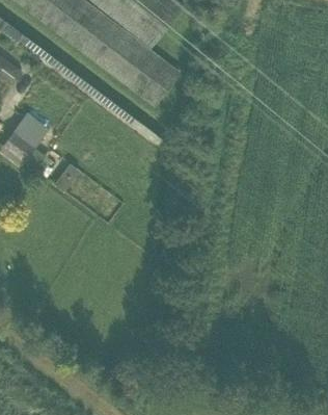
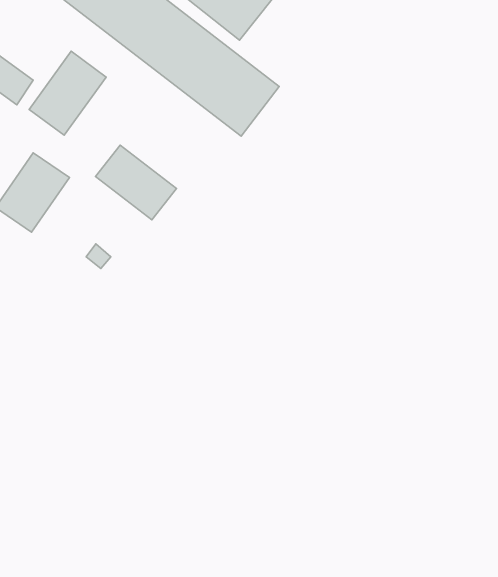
building: none -> [29,51,106,135]
building: none -> [95,145,176,220]

